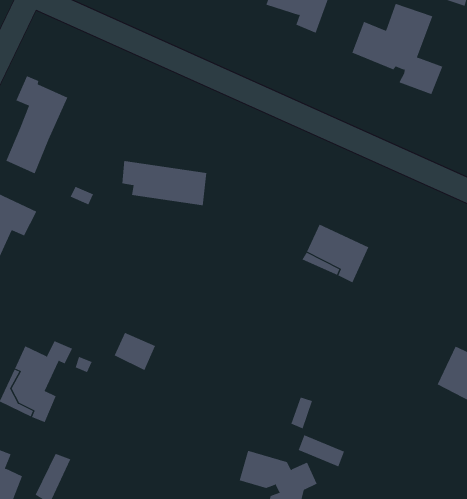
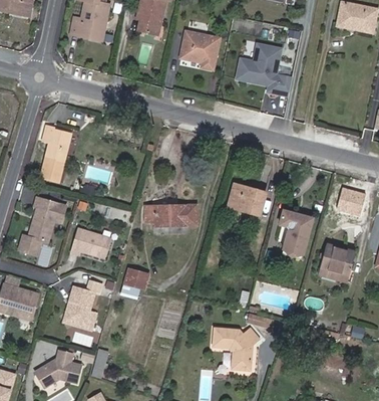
building: [121,160,207,206] -> [144,204,197,225]
building: none -> [70,227,111,258]
building: none -> [280,210,314,258]

